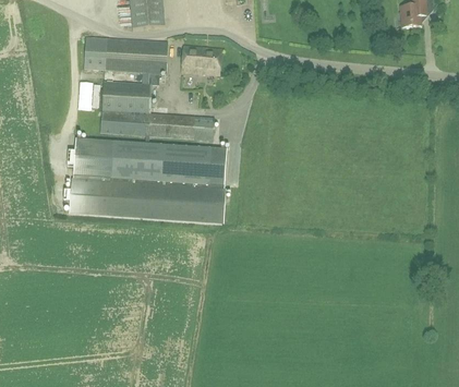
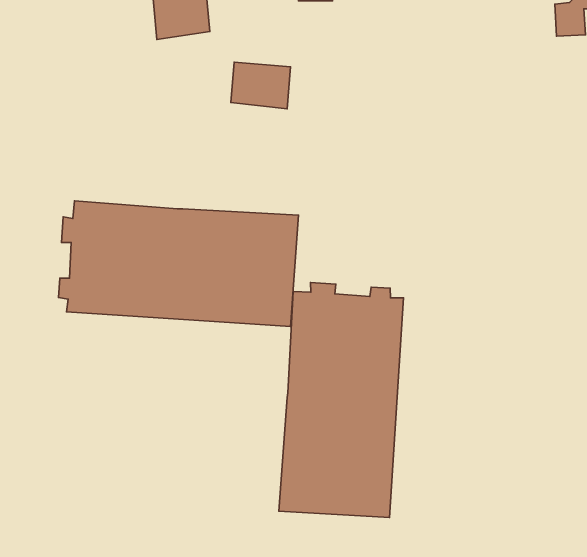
building: [83,36,213,143] -> none
building: none -> [279,283,404,518]

